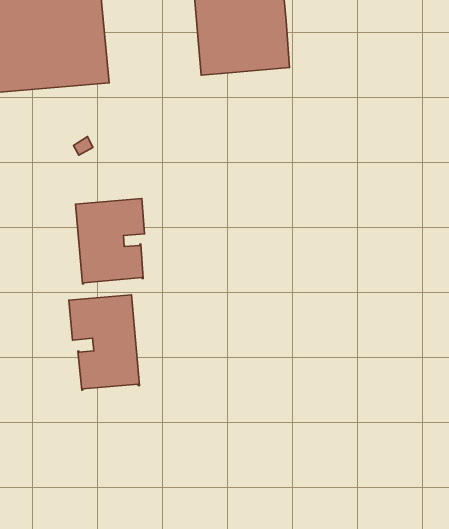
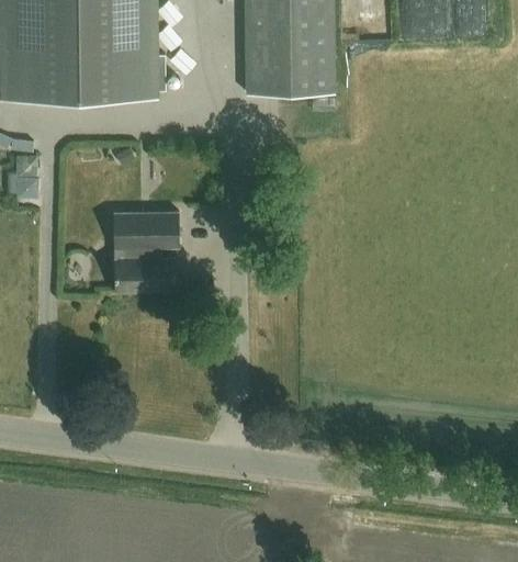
building: [69,295,139,390] -> none

